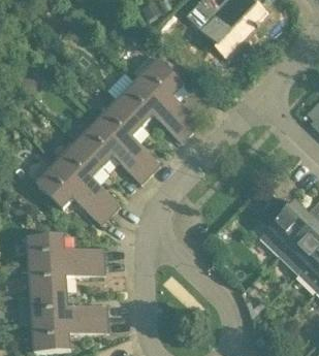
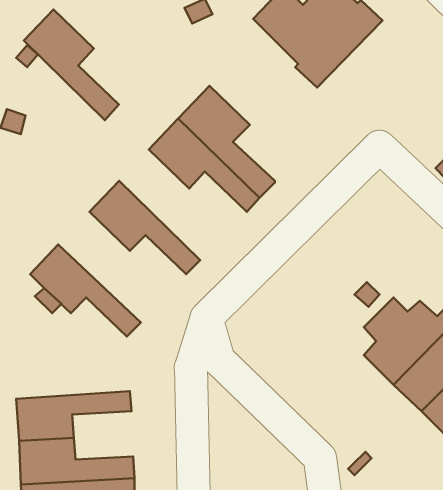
building: [95,100,158,173] -> [24,10,119,120]
building: [55,141,119,215] -> none
building: [25,233,102,265] -> none

